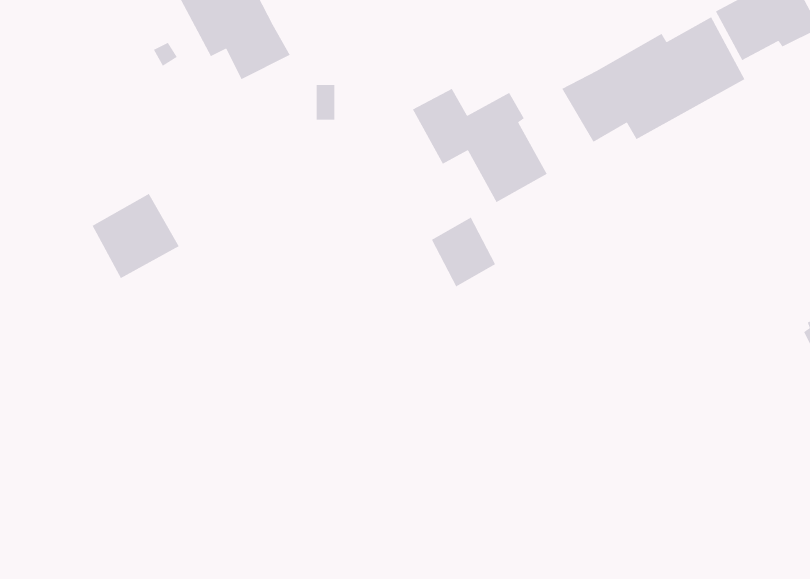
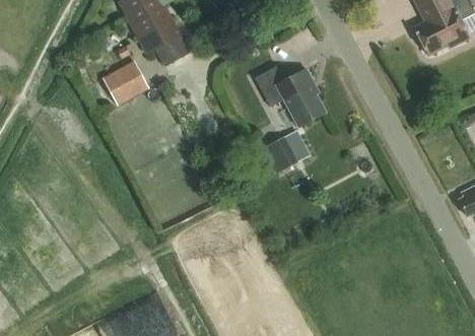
building: [561,16,745,143] -> none
building: [92,193,180,279] -> [101,61,148,107]

